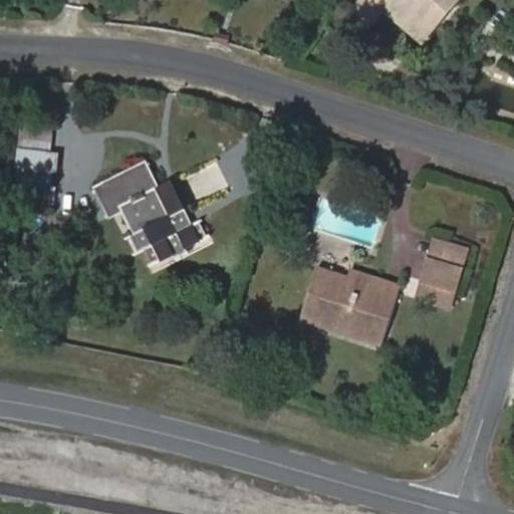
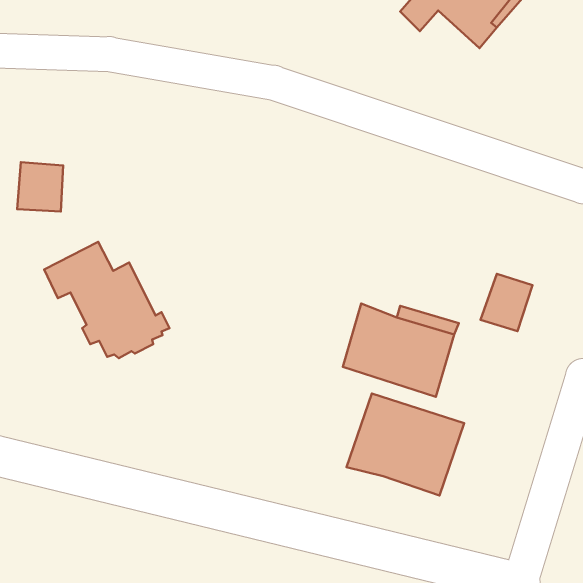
building: [95,161,205,262] -> [44,242,169,358]
building: none -> [346,393,464,496]

